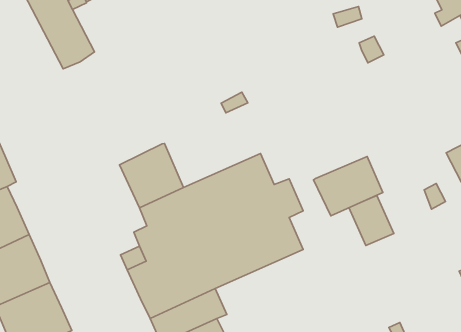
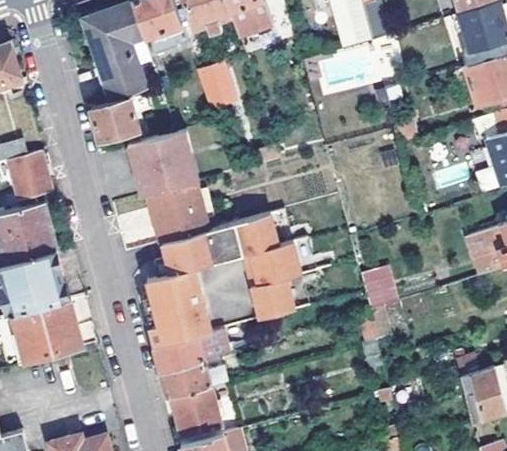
building: none -> [199,66,236,112]
building: none -> [93,97,140,138]
building: none -> [128,135,195,199]
building: [313,156,383,216] -> none

